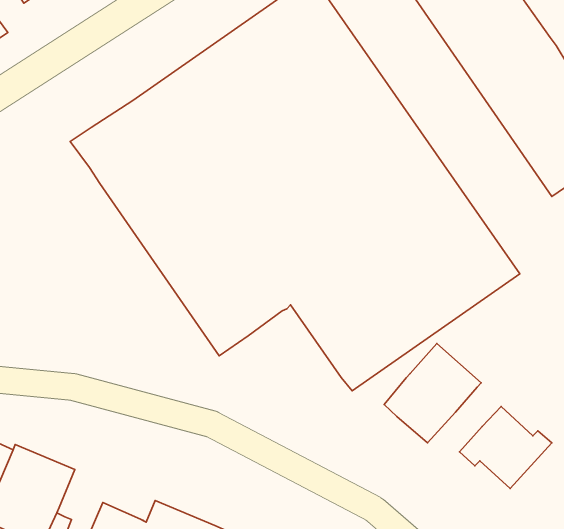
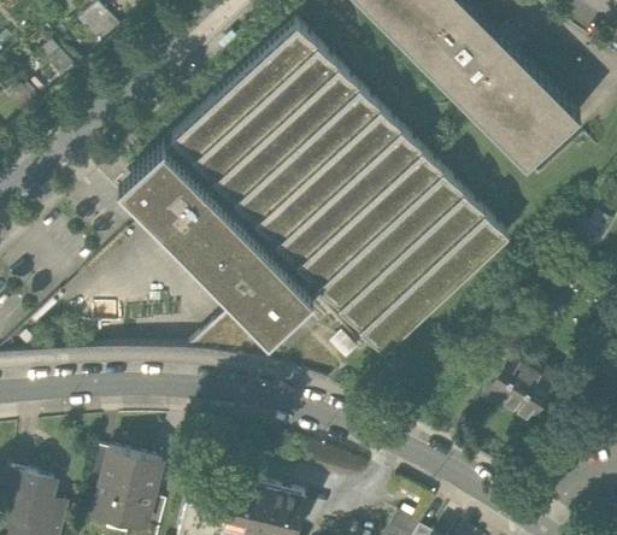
building: [384,343,481,443] -> none

